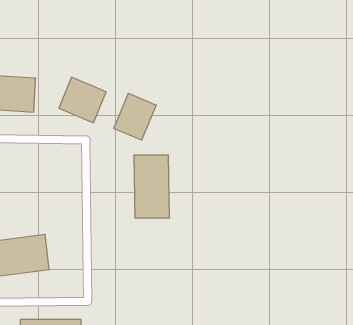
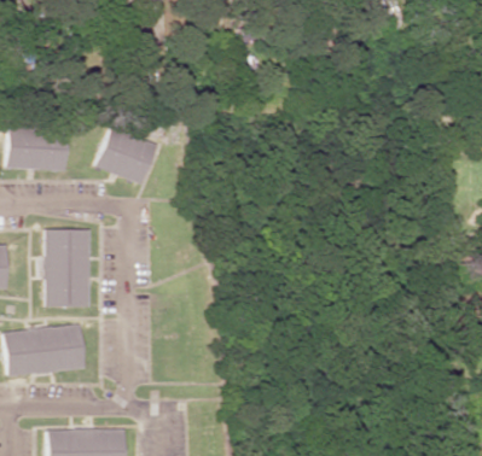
building: [114,93,156,140] -> none
building: [134,155,170,218] -> [45,229,89,308]

